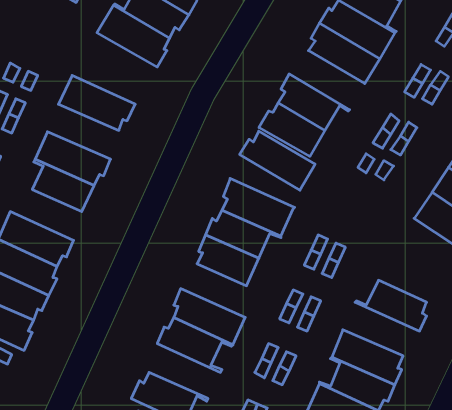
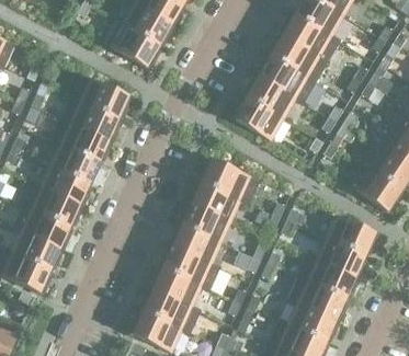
building: none -> [63,97,120,141]
building: [240,131,315,190] -> [255,55,316,102]
building: none -> [33,165,90,206]
building: none -> [327,215,379,255]
building: none -> [169,225,221,267]
building: none -> [298,255,360,298]
building: none -> [144,288,201,332]

